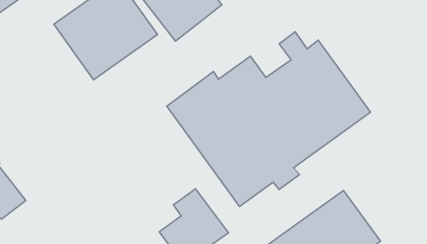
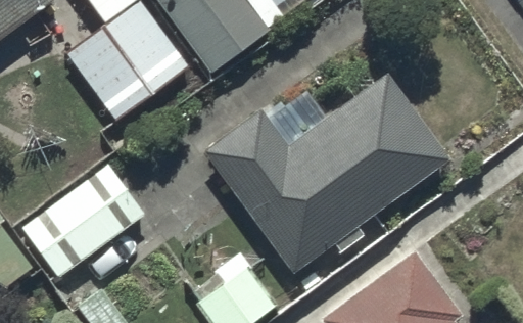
building: none -> [22,165,144,277]

